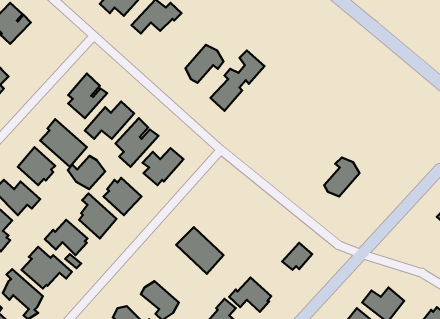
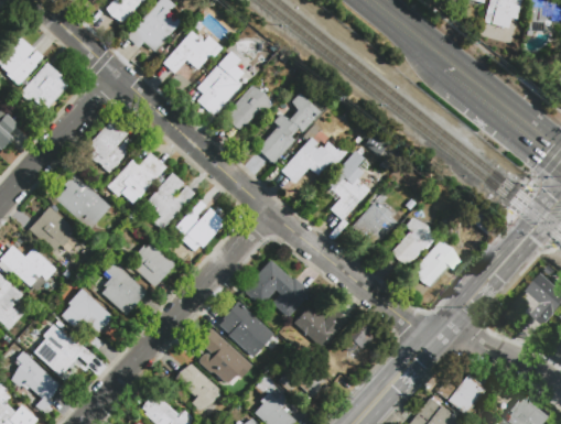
building: none -> [197,51,244,116]
building: none -> [20,63,69,113]
building: none -> [281,139,347,184]
building: none -> [327,151,368,220]
building: none -> [352,203,397,247]
building: [68,156,105,189] -> none
building: none -> [413,241,461,285]
building: none -> [242,260,310,317]
building: none -> [294,307,347,349]
building: none -> [198,328,252,382]

